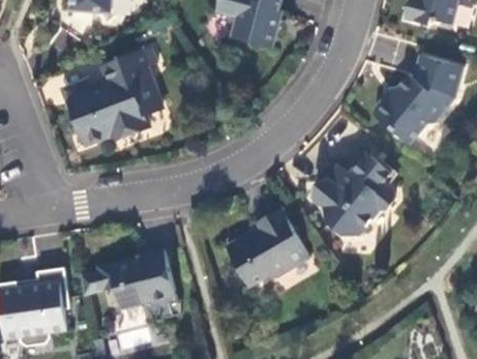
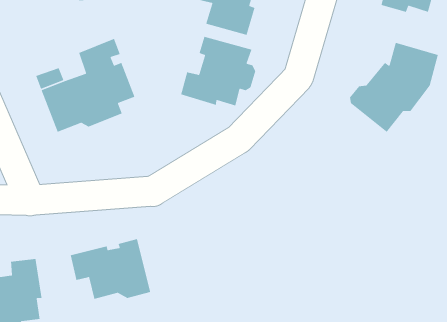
building: none -> [180,36,256,106]
building: [317,153,394,234] -> none
building: [226,208,309,287] -> none

